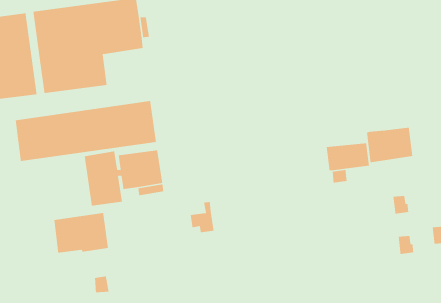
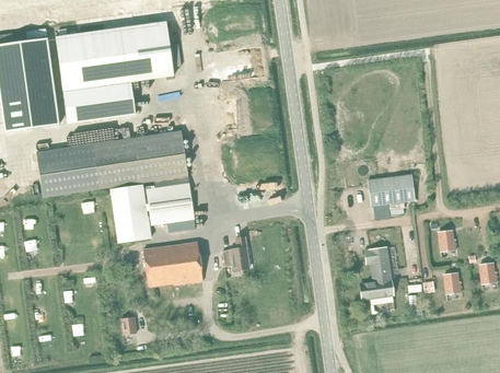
building: [366,127,413,163] -> none
building: none -> [360,246,392,303]
building: [53,212,109,254] -> [143,242,202,285]

